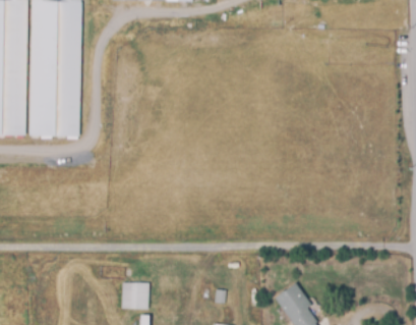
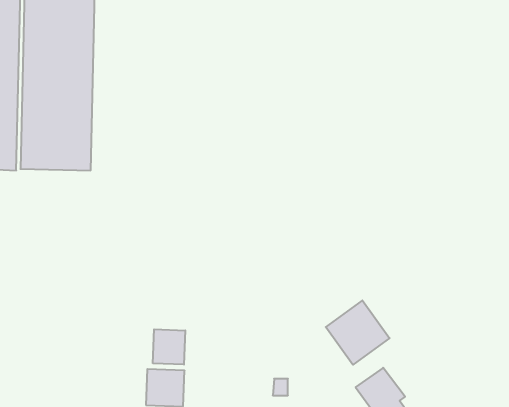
building: none -> [326,300,390,365]
building: none -> [153,329,185,365]

